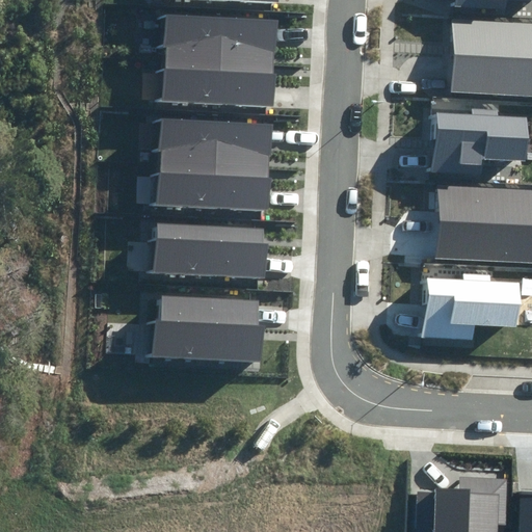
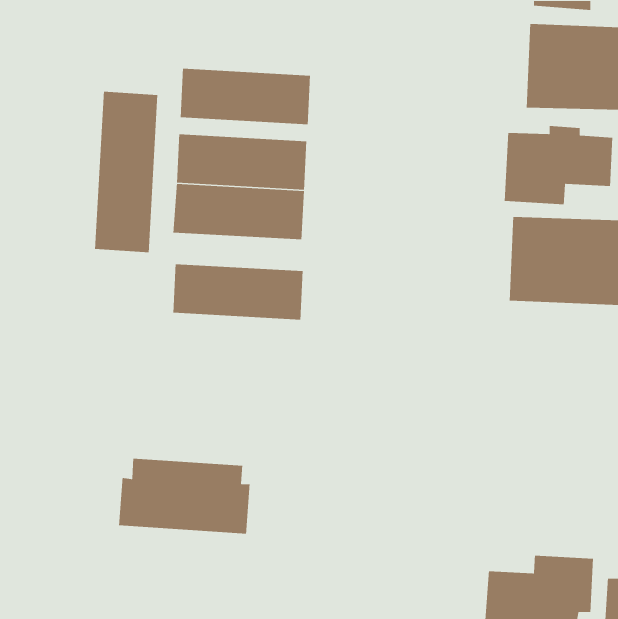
building: [158,17,271,65] -> none
building: none -> [94,91,158,253]
building: [426,274,521,341] -> none
building: [148,292,261,357] -> [118,458,250,534]

